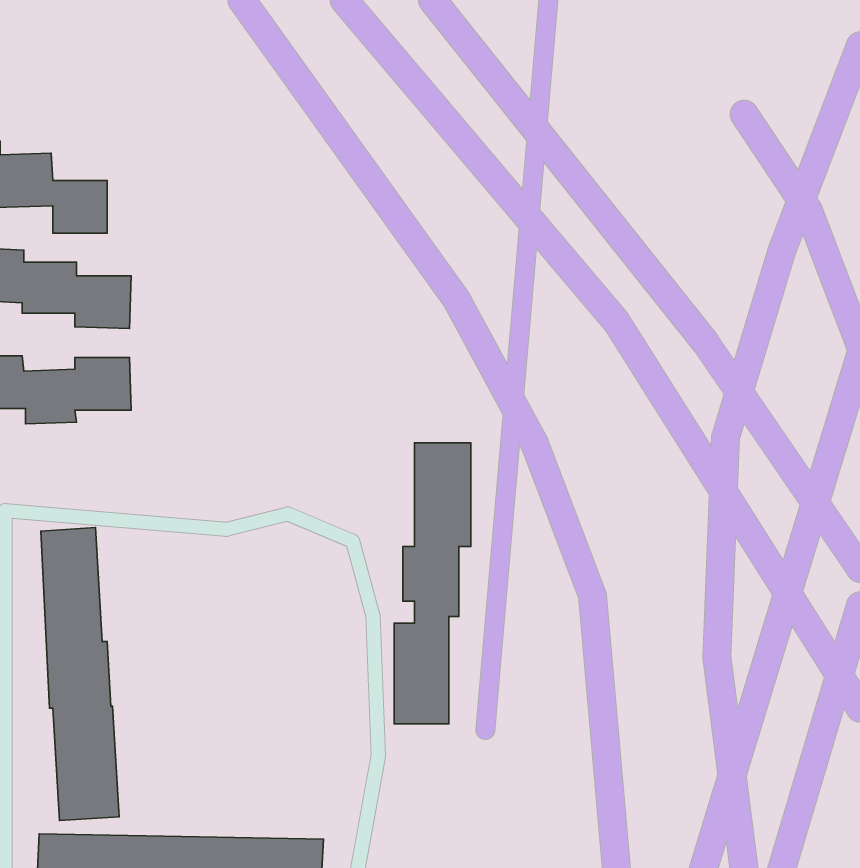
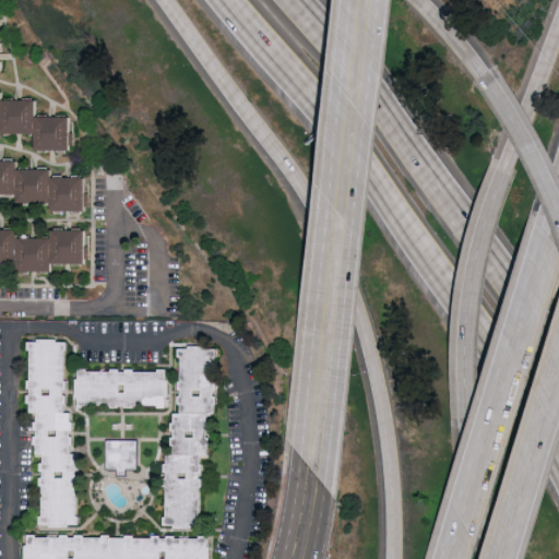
building: [394,443,471,724] -> [164,347,213,527]
building: none -> [75,370,166,408]
building: none -> [103,441,133,476]

